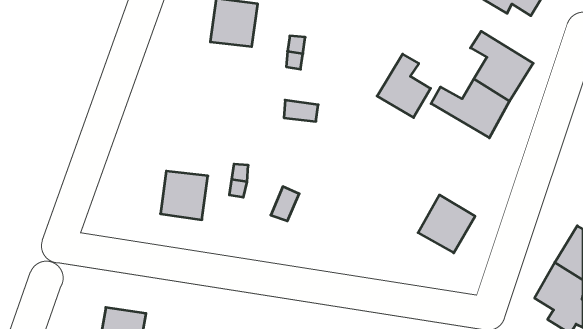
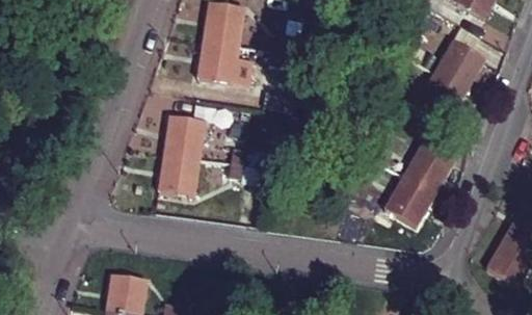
building: none -> [198,40,254,84]
building: [377,54,431,118] -> none
building: none -> [165,108,209,157]
building: none -> [404,141,454,192]

